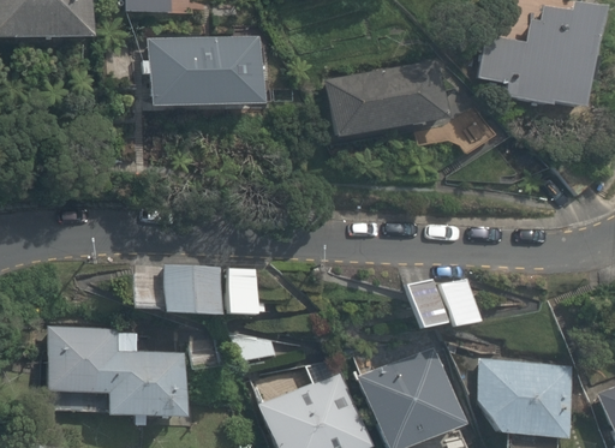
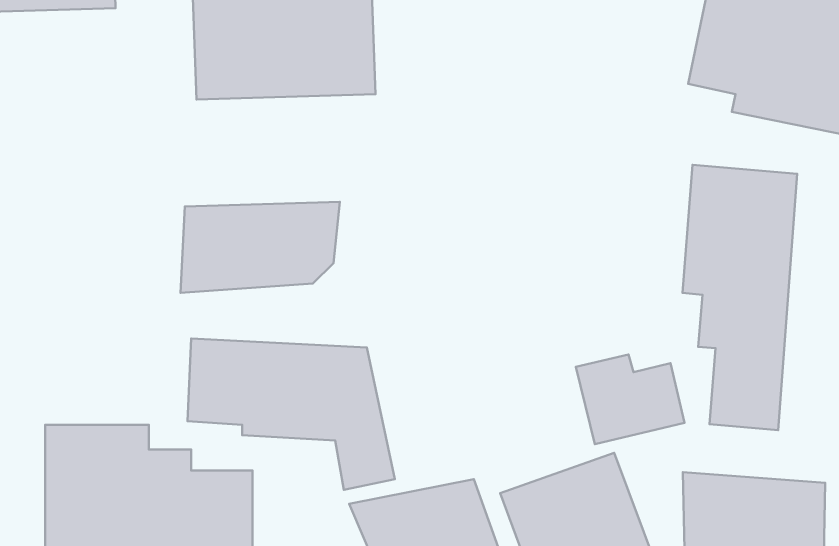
building: [327,56,452,136] -> none
building: none -> [682,165,797,430]
building: none -> [181,202,340,293]

